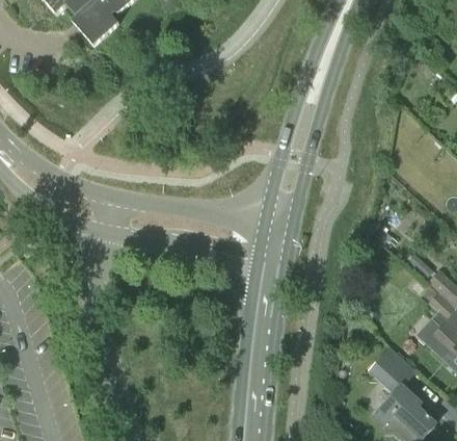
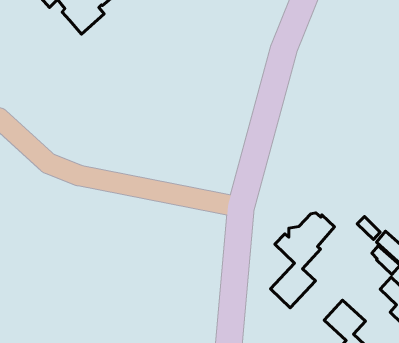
building: none -> [270,213,335,308]

